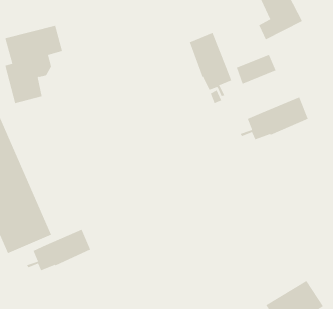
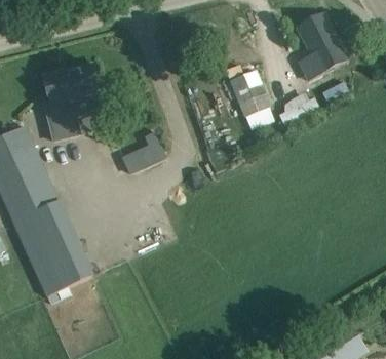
building: none -> [120,129,168,172]
building: [240,97,308,140] -> none
building: [26,229,91,271] -> none

